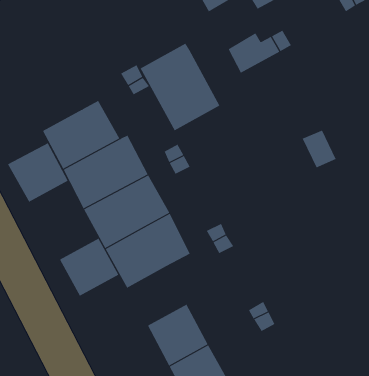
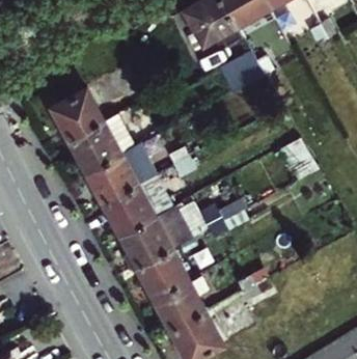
building: [140,43,220,131] -> none
building: [7,142,69,203] -> [51,93,101,142]
building: [59,238,119,297] -> [137,252,186,300]

